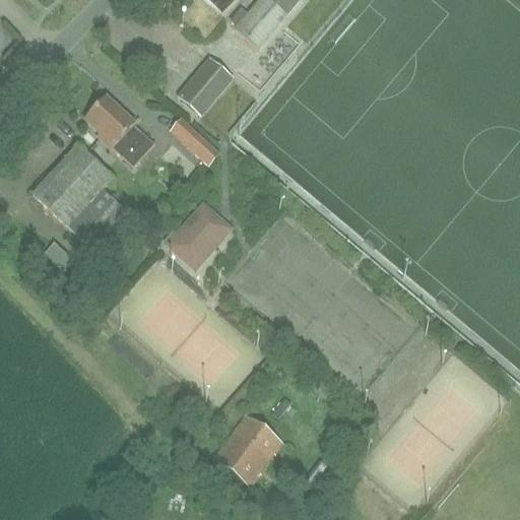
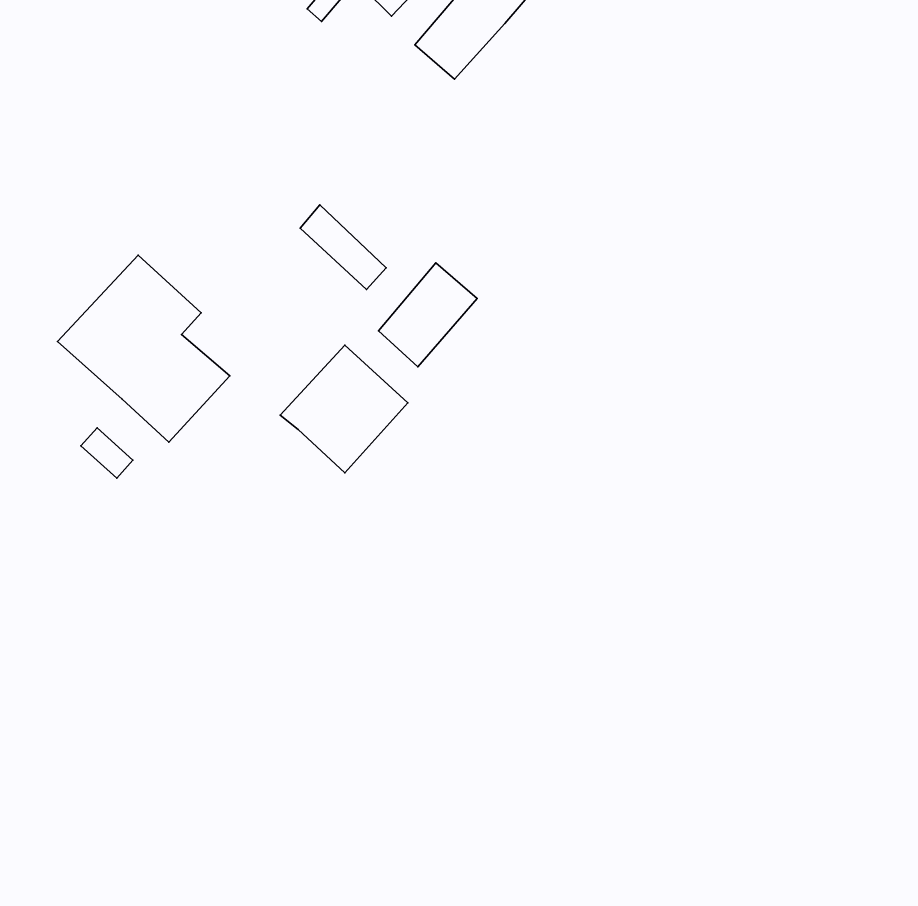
building: [178,56,234,115] -> [378,263,477,367]
building: [86,96,154,166] -> none
building: [215,415,280,482] -> none

